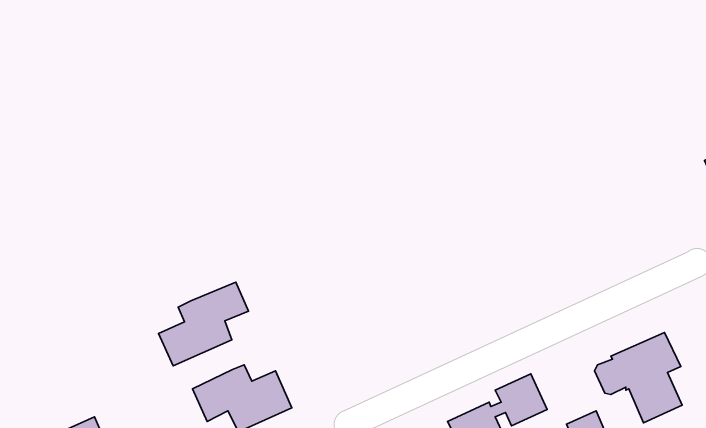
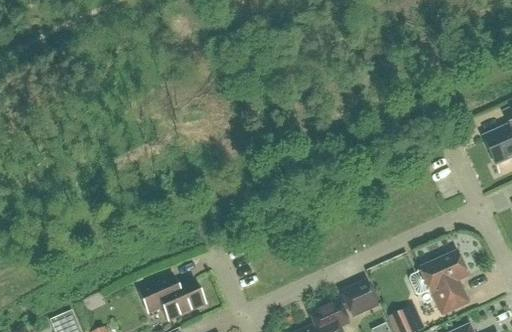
building: [159,282,248,366] -> none

